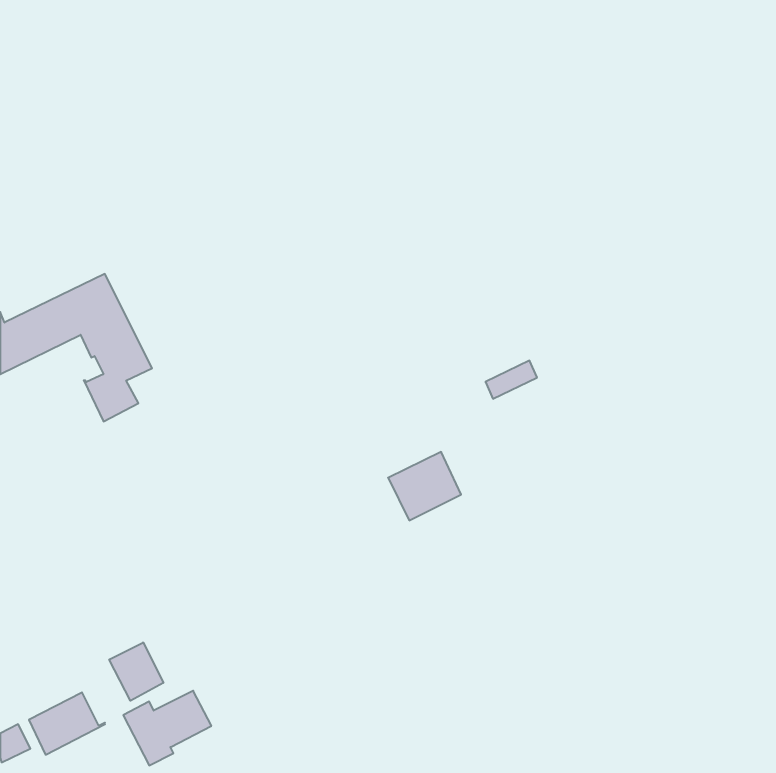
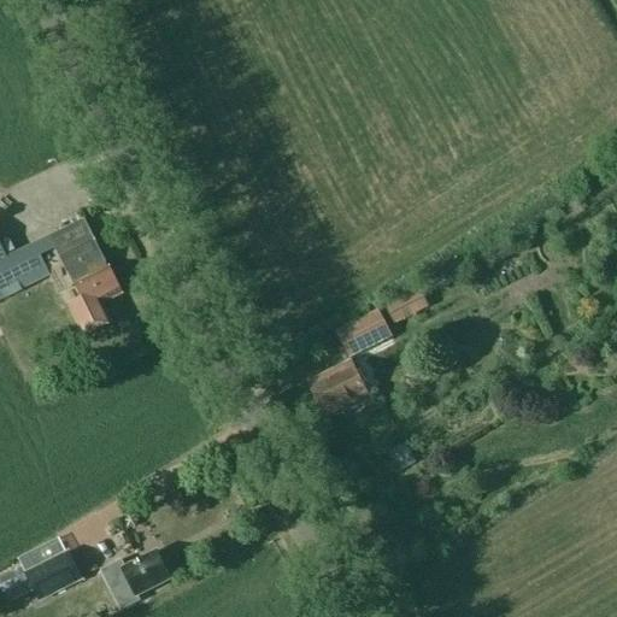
building: none -> [335,306,392,354]
building: [109,642,163,701] -> none

